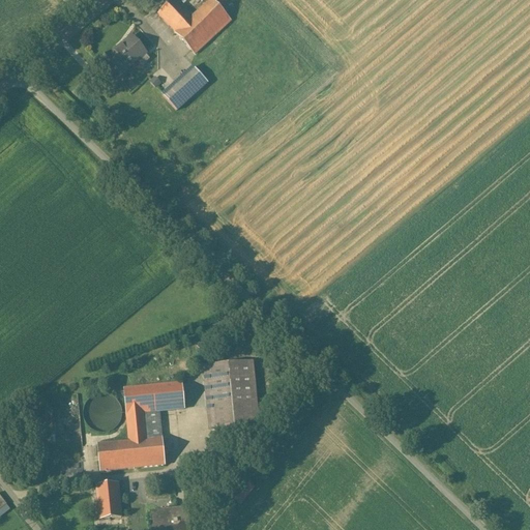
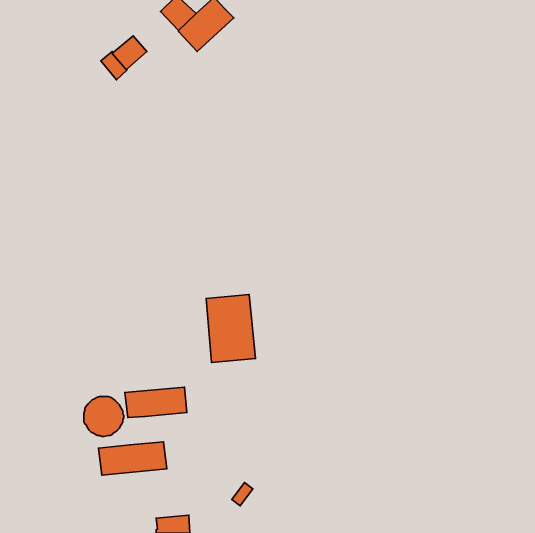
building: [163,64,208,109] -> none
building: [210,360,259,428] -> [206,294,255,363]
building: [127,411,163,439] -> none
building: [97,481,122,518] -> none

